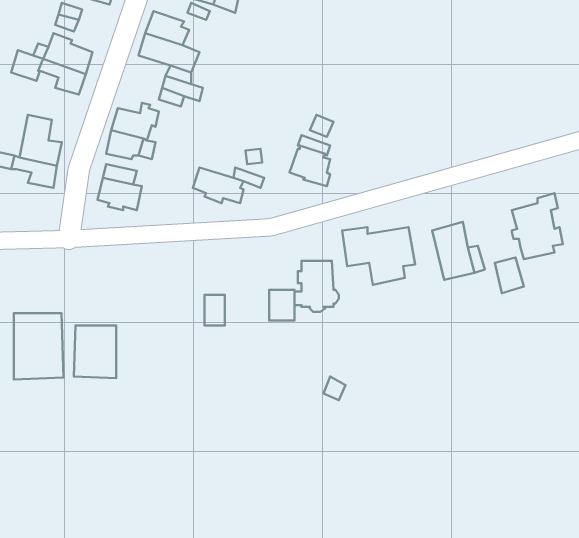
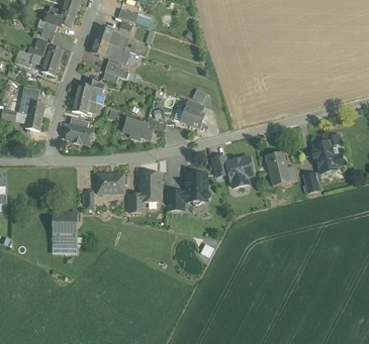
building: none -> [141,173,162,202]
building: none -> [97,174,123,193]
building: [14,313,63,380] -> none

